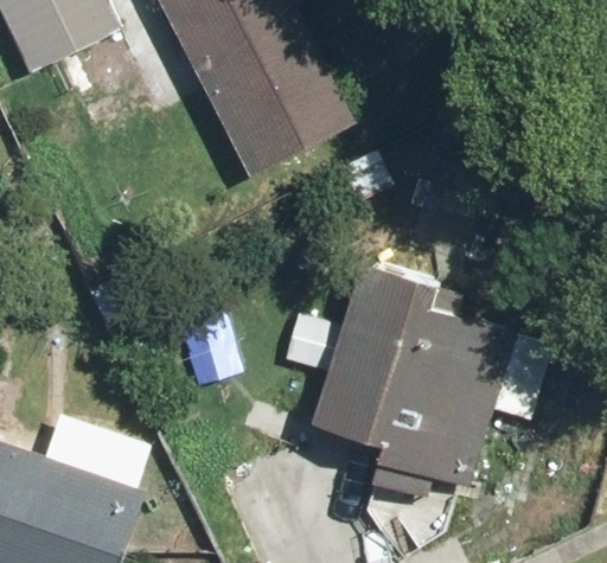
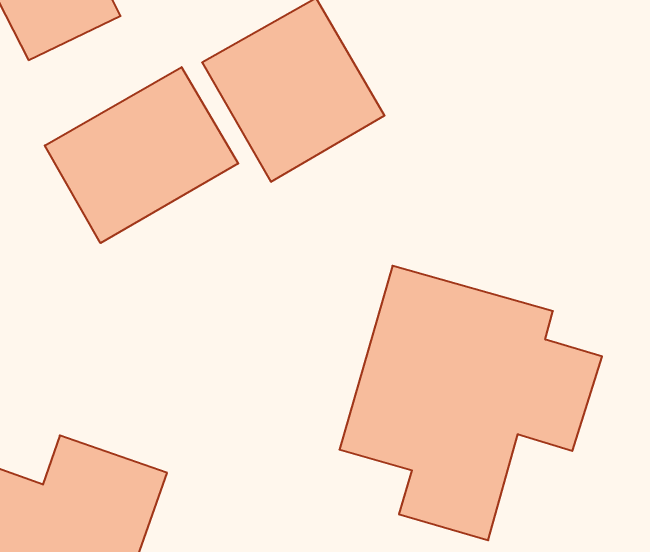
building: none -> [45,67,238,243]

